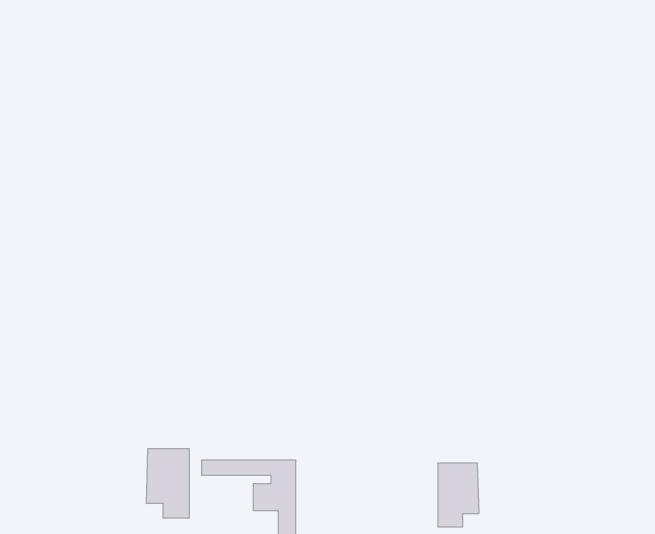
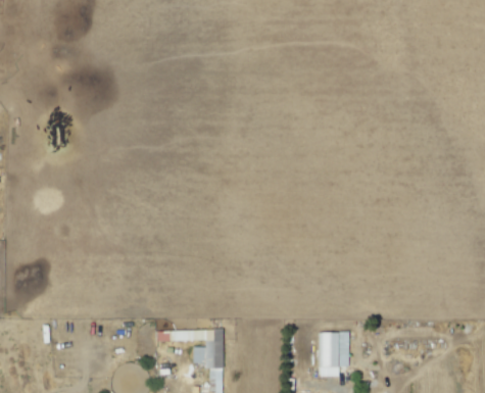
building: [146,449,189,518] -> none

